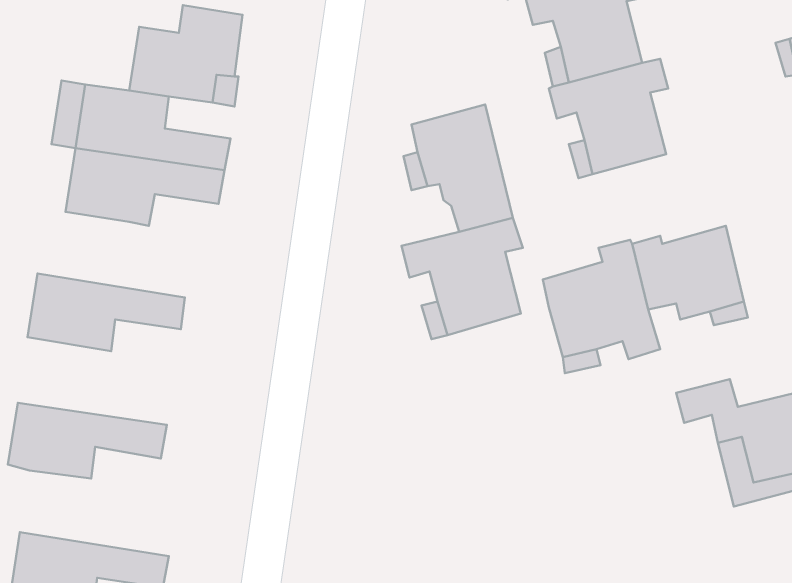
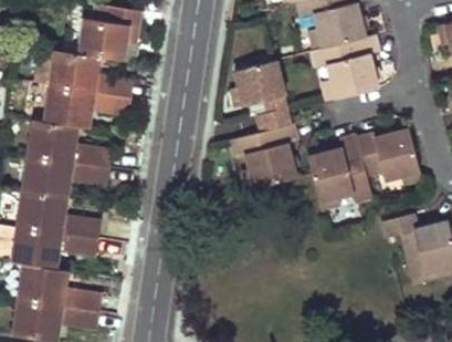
building: none -> [27,118,112,167]
building: none -> [15,189,101,238]
building: none -> [17,263,102,311]

